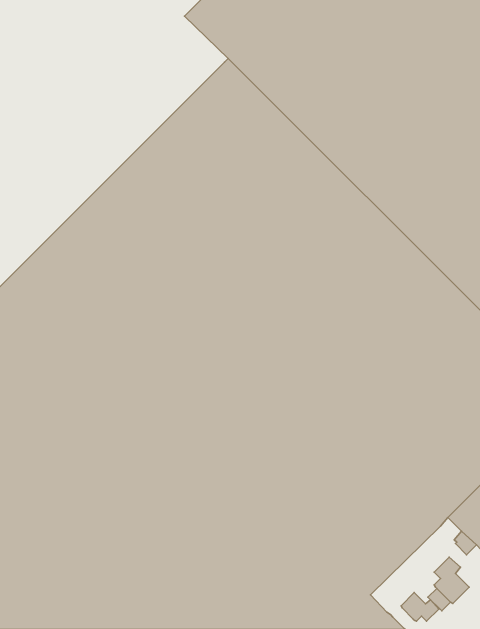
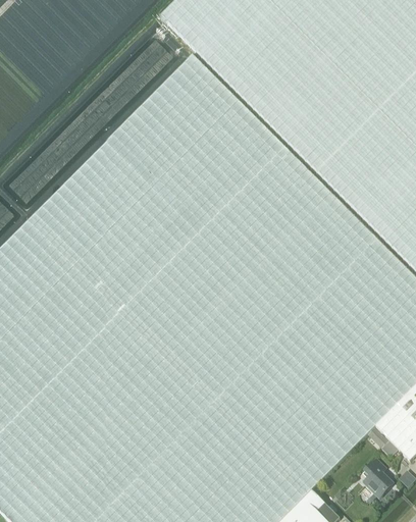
building: [401,593,439,621] -> none

